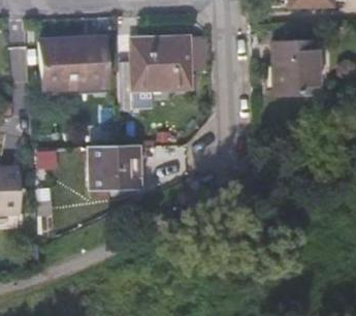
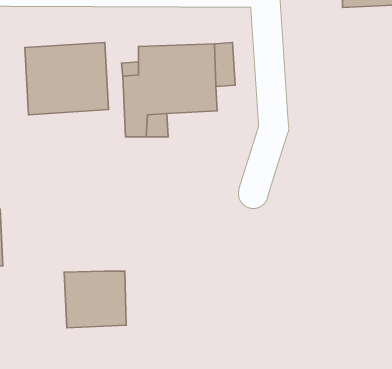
building: [273,40,318,93] -> none
building: [90,145,139,190] -> [64,271,126,328]

